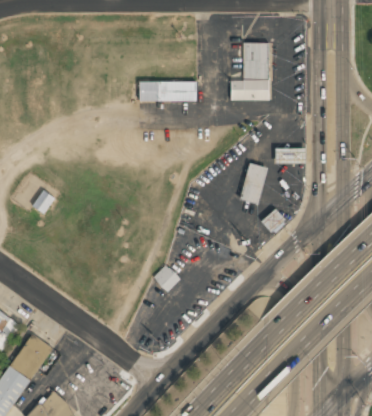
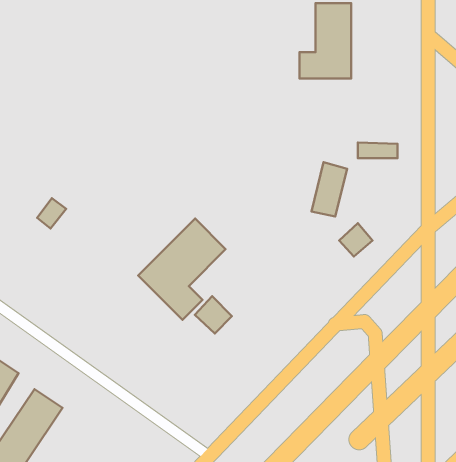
building: [140,80,196,100] -> none
building: none -> [138,219,226,320]

